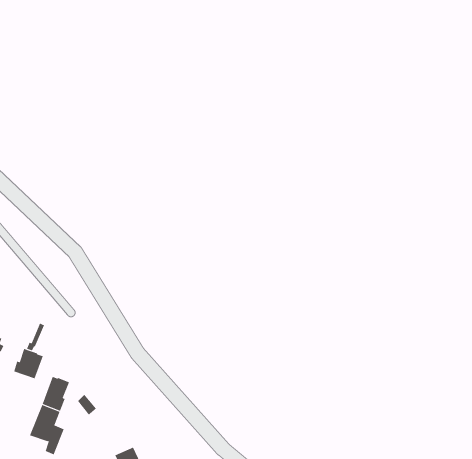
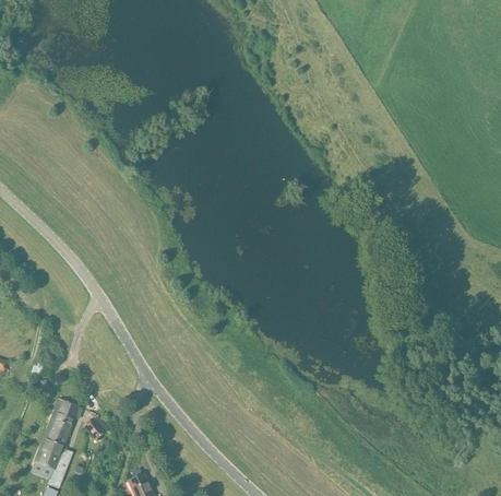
building: [14,348,44,379] -> none

